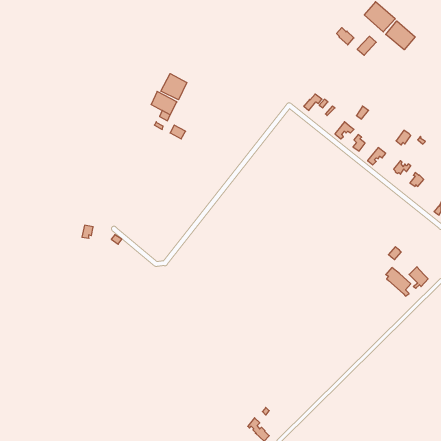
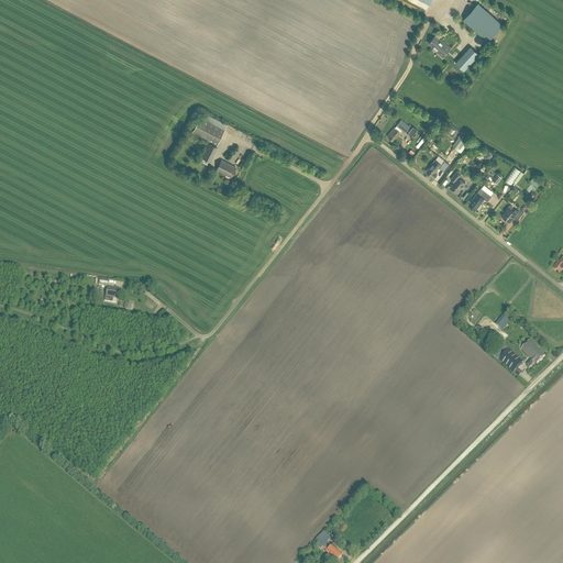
building: [386,21,415,50] -> none
building: [161,74,187,100] -> none

